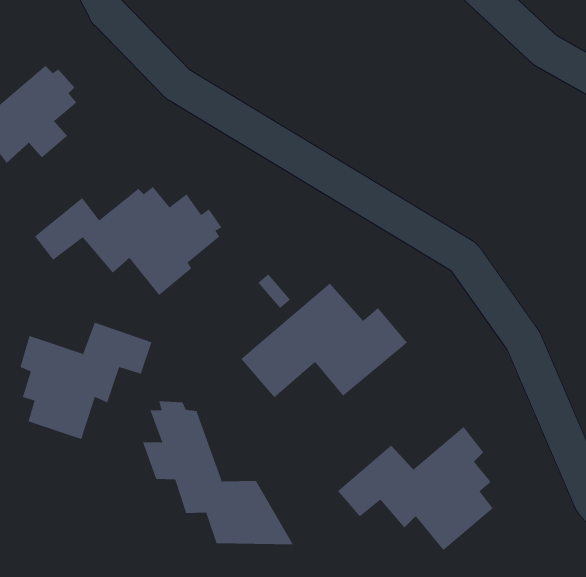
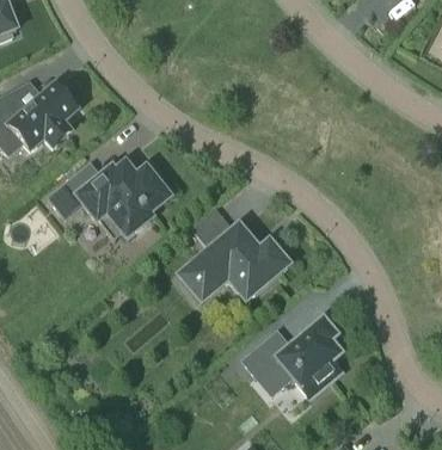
building: [20,322,152,440] -> none
building: [142,401,294,545] -> none

